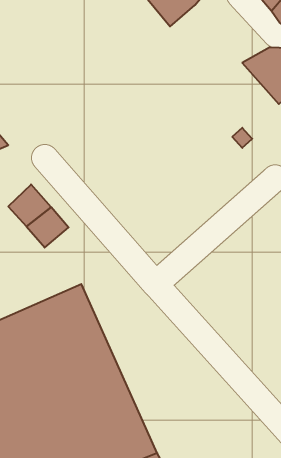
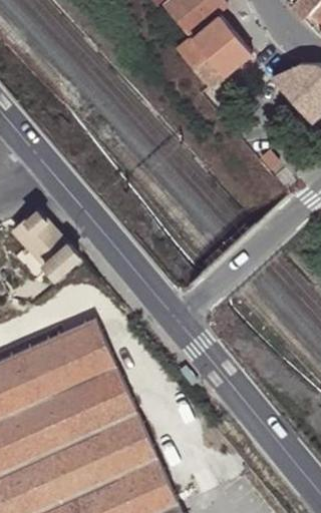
building: none -> [178,13,250,86]

